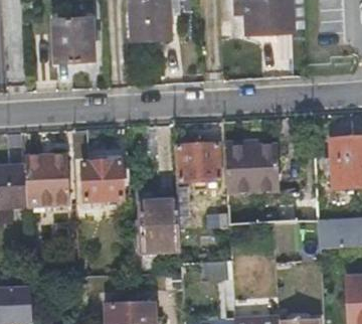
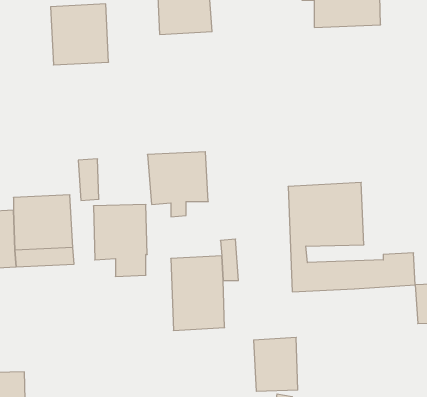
building: [177,144,221,191] -> [147,152,208,217]

